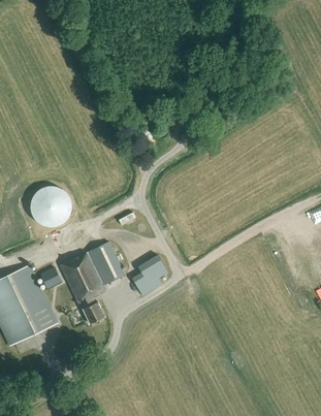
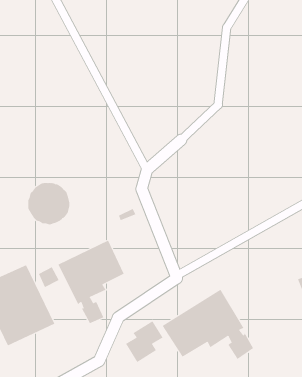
building: [131,255,168,296] -> [125,320,163,363]
building: none -> [162,289,254,360]

